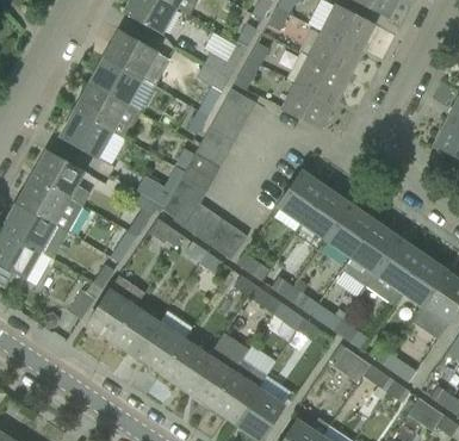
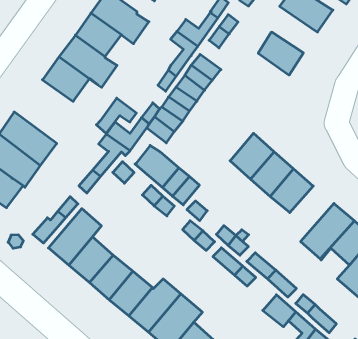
building: [309,26,359,75] -> none
building: [281,81,333,128] -> none
building: [32,149,83,197] -> none
building: [162,178,205,218] -> [96,98,136,133]
building: [342,222,398,285] -> none

